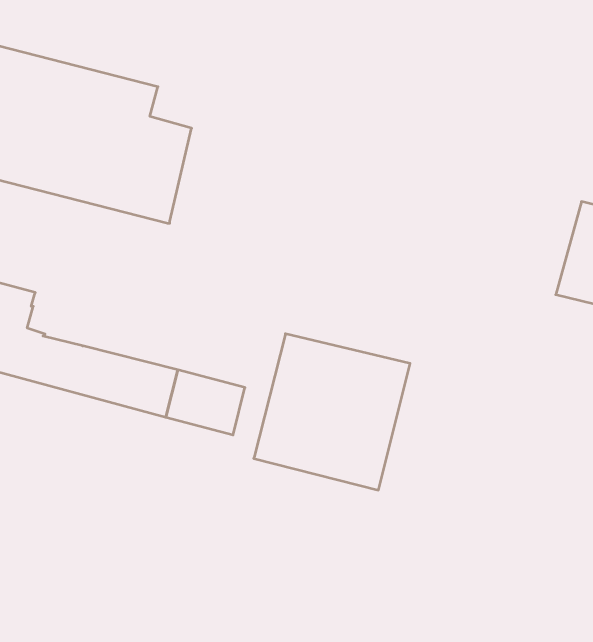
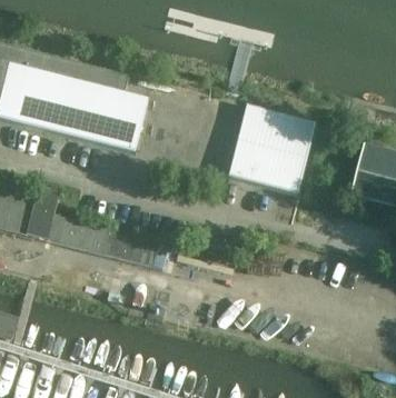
building: [254,334,410,490] -> [227,107,315,195]

